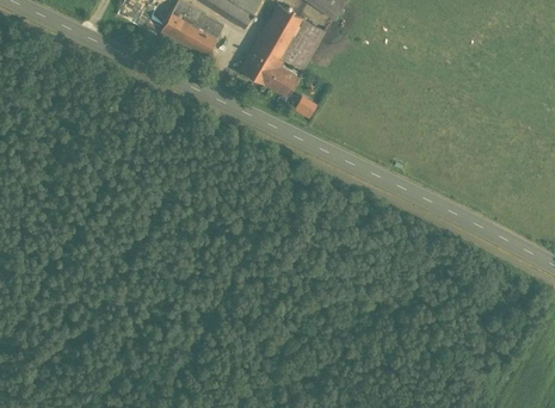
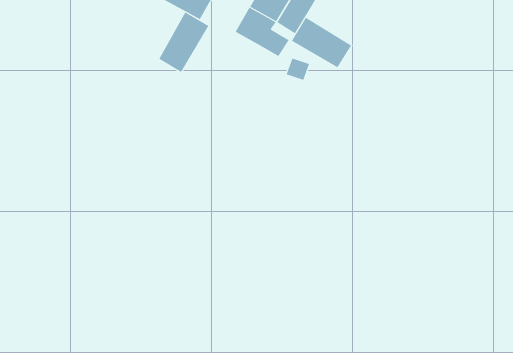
building: none -> [158,12,209,73]
building: none -> [291,17,352,68]

